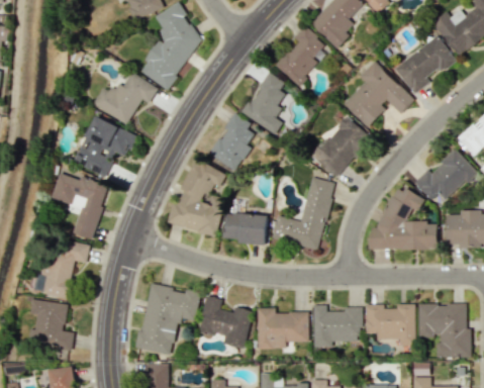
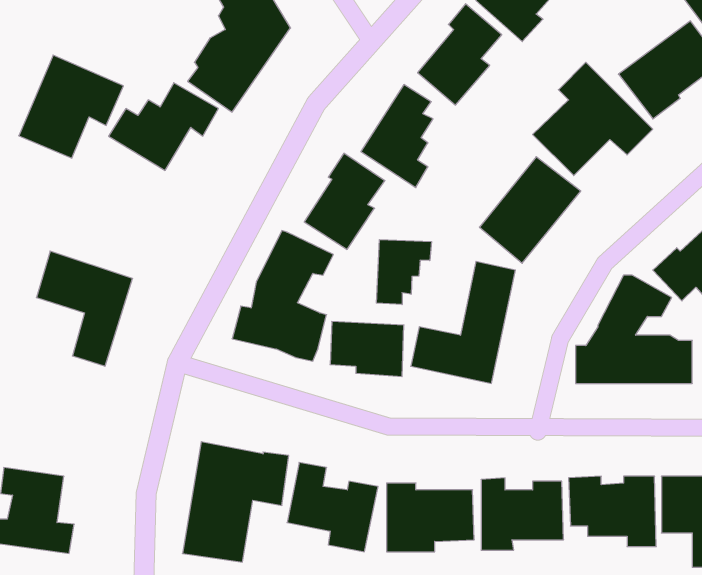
building: [75,116,136,177] -> [19,55,123,158]
building: none -> [376,240,431,305]
building: [37,238,90,299] -> none

